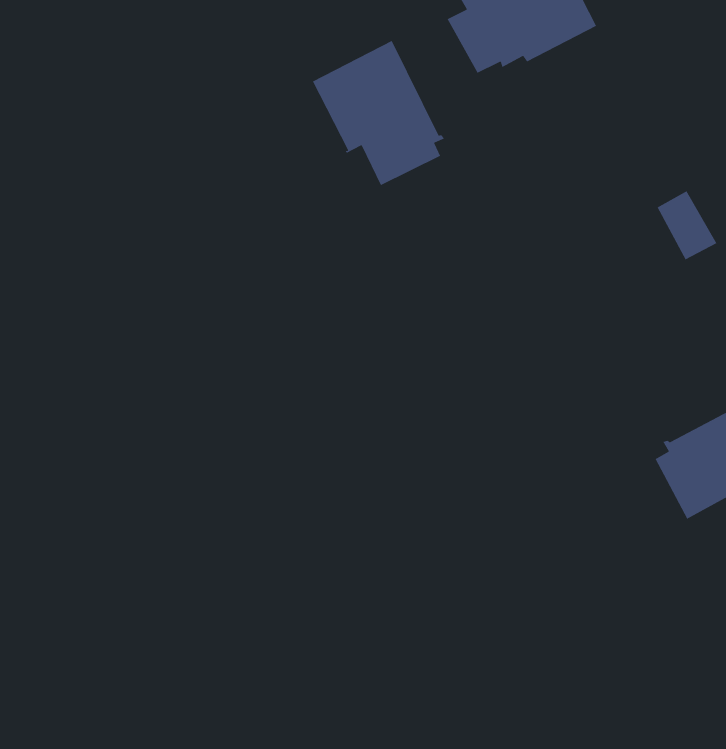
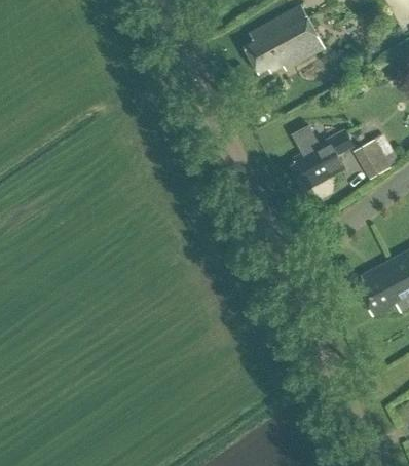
building: [312,40,445,186] -> none
building: none -> [291,124,356,188]

